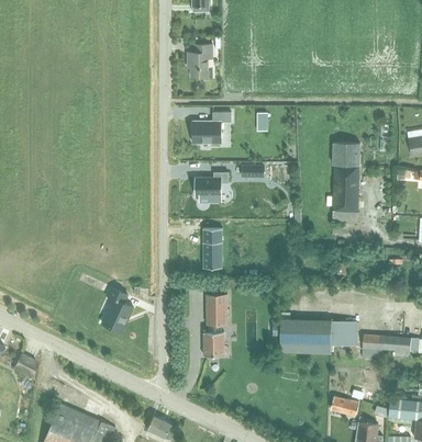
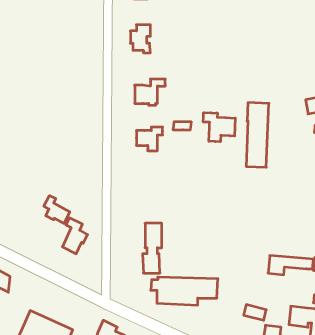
building: none -> [203,113,235,142]
building: [202,229,222,269] -> none
building: none -> [44,196,70,223]
building: [271,319,356,354] -> [151,277,218,305]

